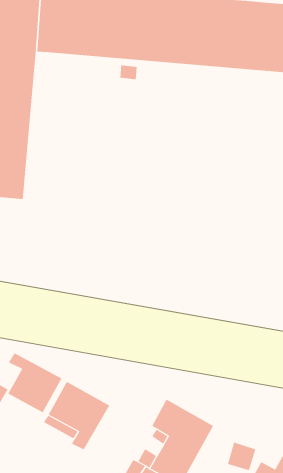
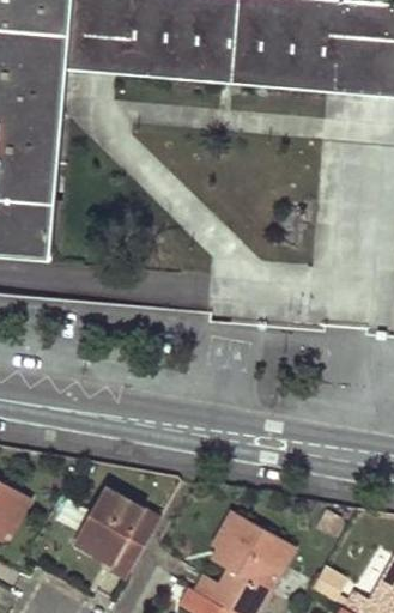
building: [8,353,62,413] -> none

